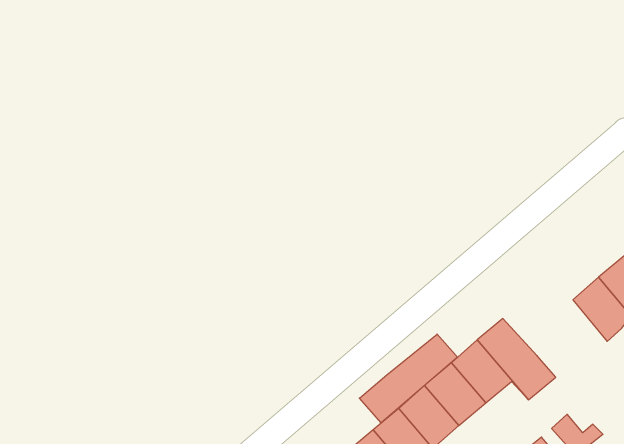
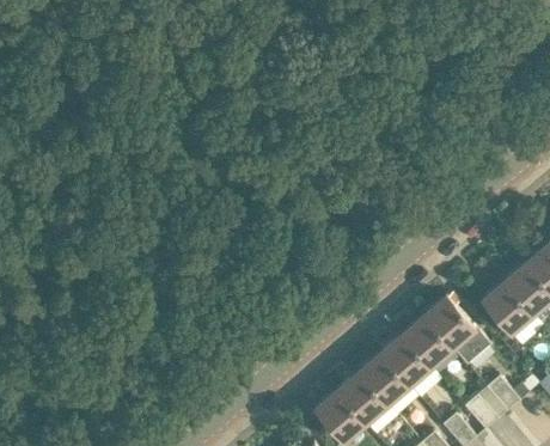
building: none -> [481,281,532,334]
building: [359,334,458,423] -> none

